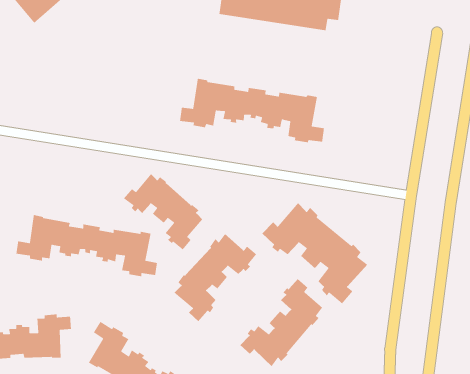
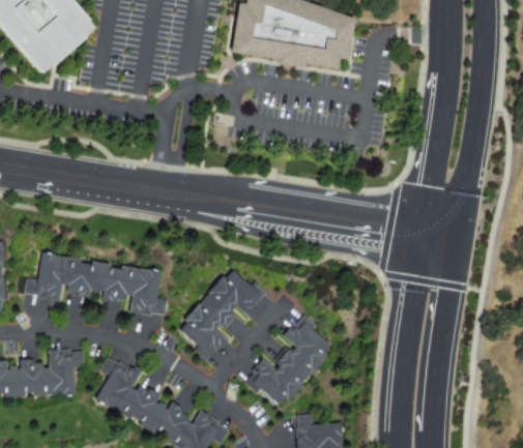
building: [179,78,325,143] -> none
building: [123,173,203,250] -> none
building: [262,202,368,304] -> none

